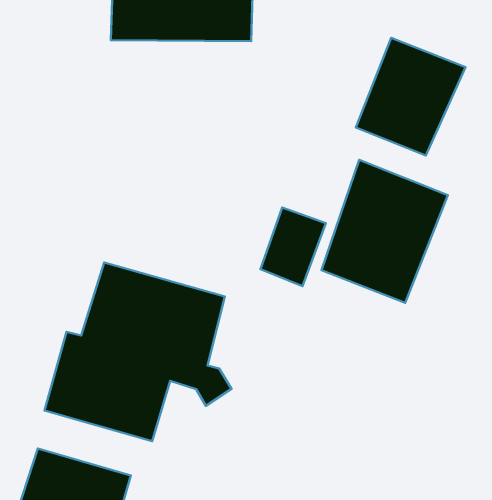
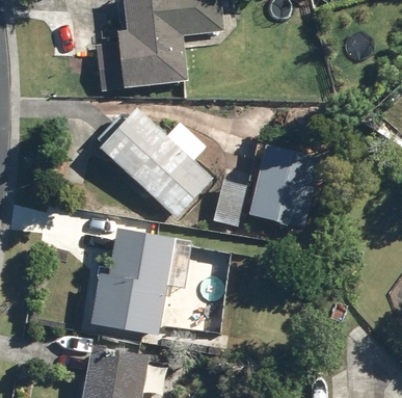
building: [356,38,466,155] -> none
building: none -> [98,107,213,219]

